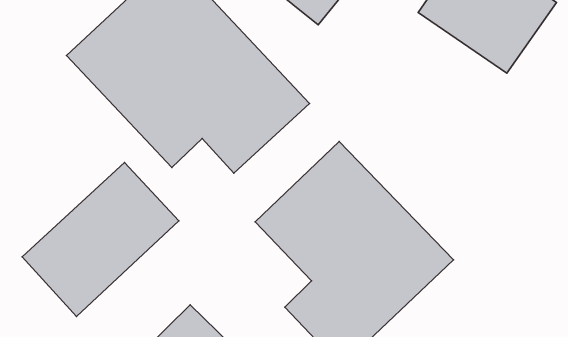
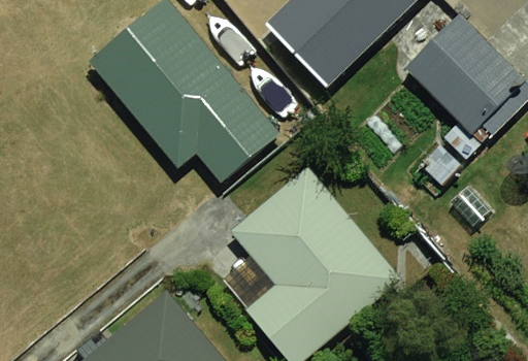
building: [22,163,179,316] -> none

